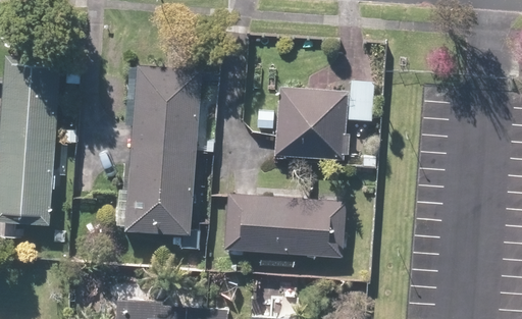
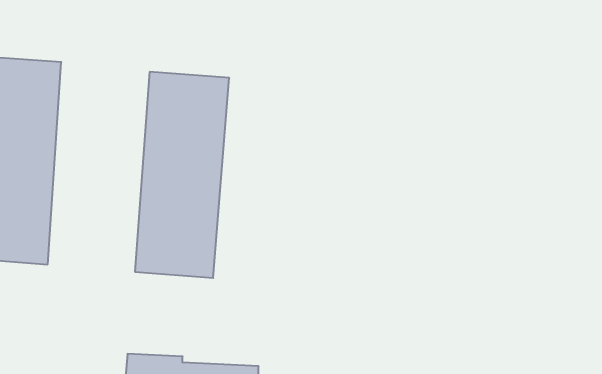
building: [273,88,349,162] -> none
building: [221,194,345,258] -> none

